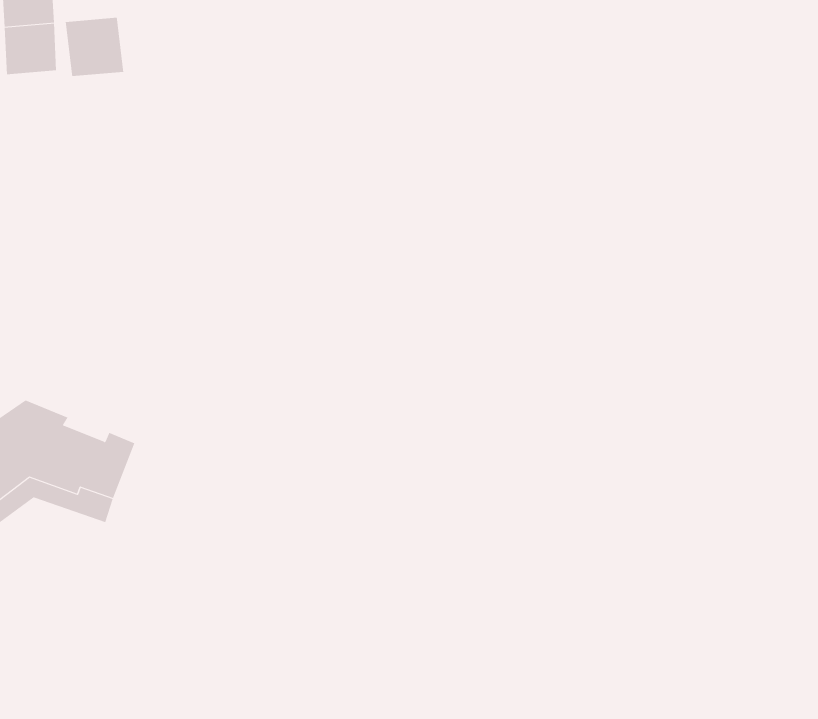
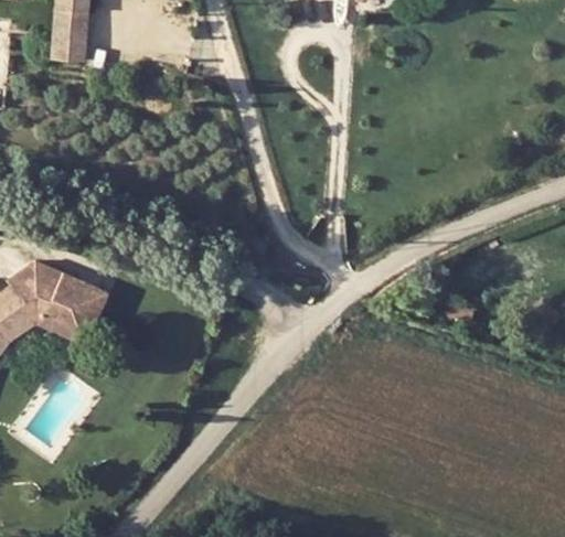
building: [65,17,124,77] -> none

